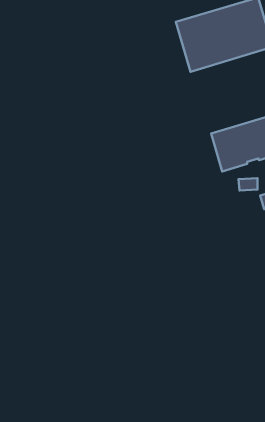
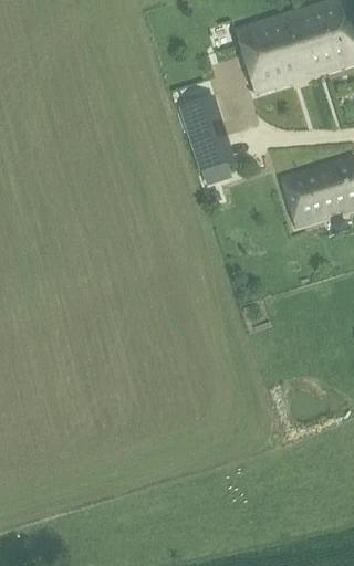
building: none -> [180,97,231,171]

